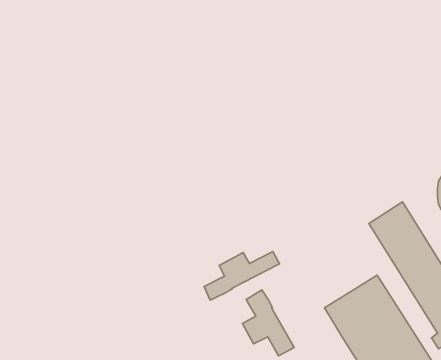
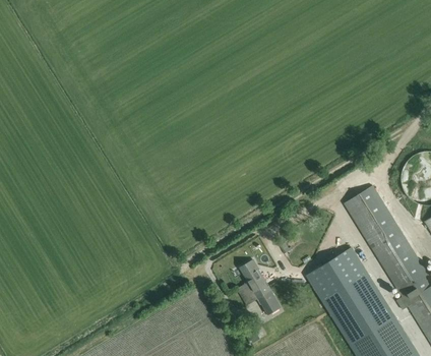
building: [204,251,279,300] -> none

